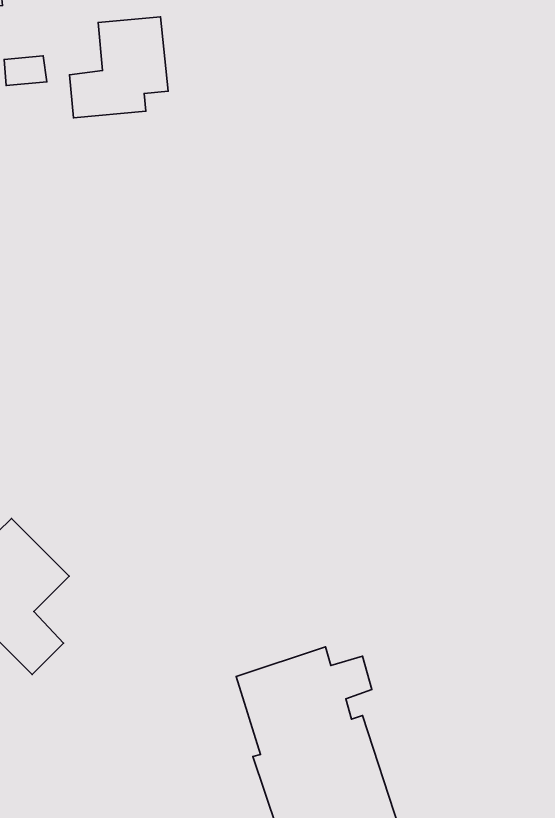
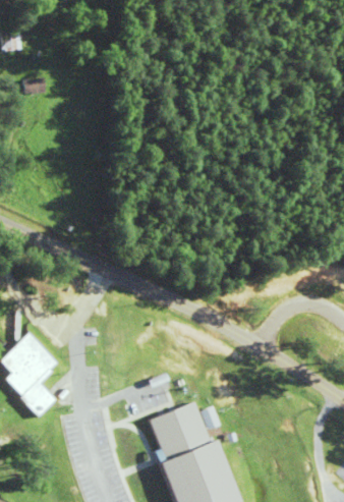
building: [70,17,168,118] -> none

